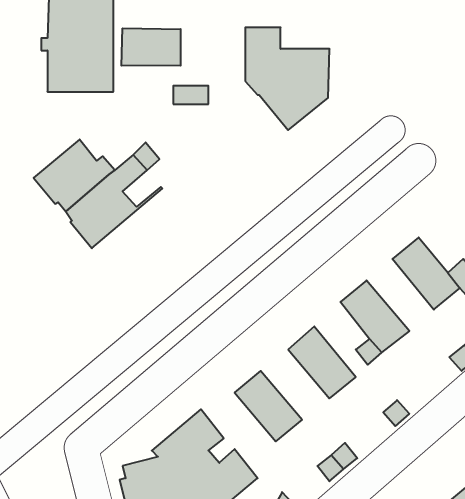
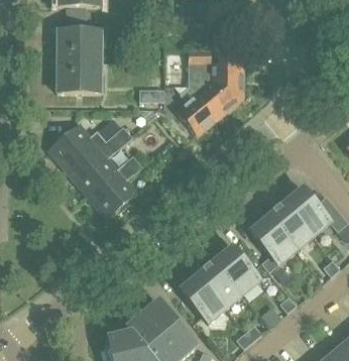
building: [121,28,181,66] -> none
building: none -> [176,94,216,135]
building: none -> [87,155,141,217]
building: none -> [267,202,312,249]
building: none -> [198,261,243,308]

